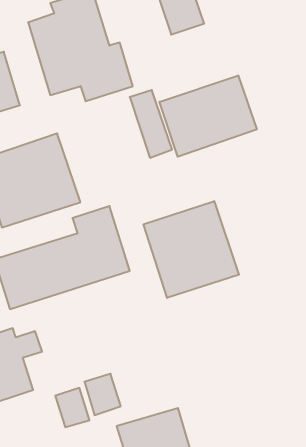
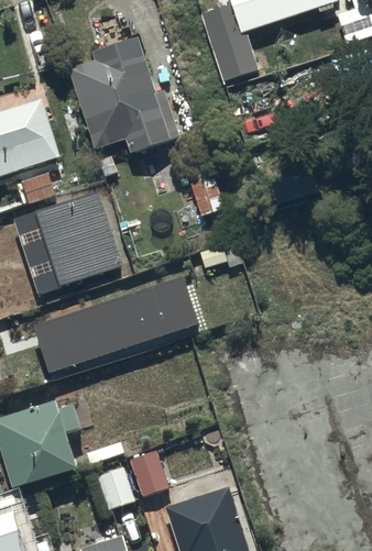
building: [159,75,257,157] -> none
building: [144,201,239,298] -> none

